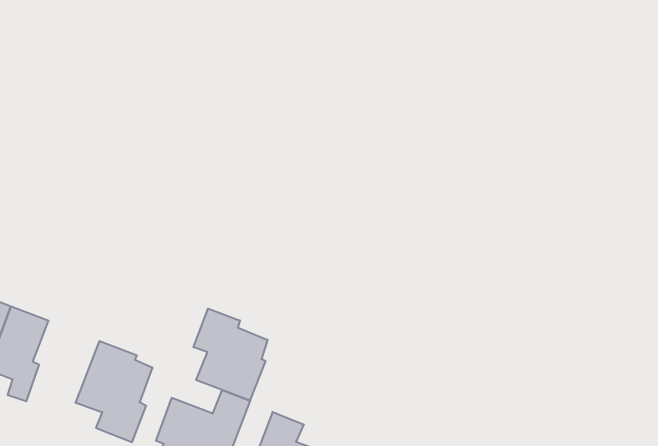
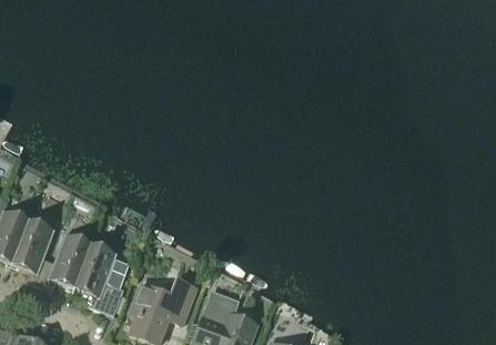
building: [193,309,268,401] -> none
building: none -> [39,233,90,291]

